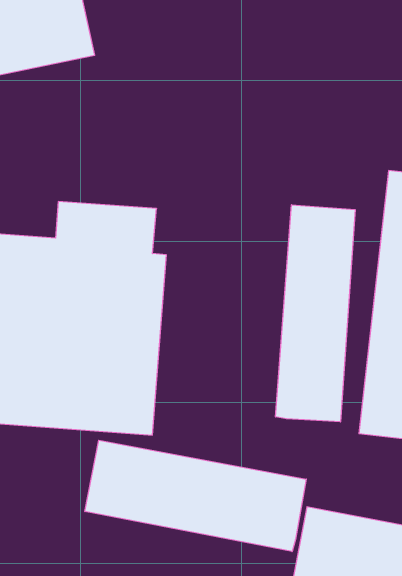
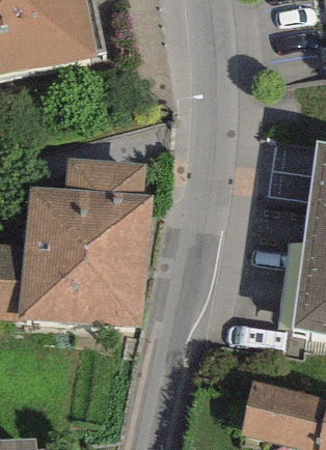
building: [276,205,355,422] -> none
building: [85,440,306,552] -> none

